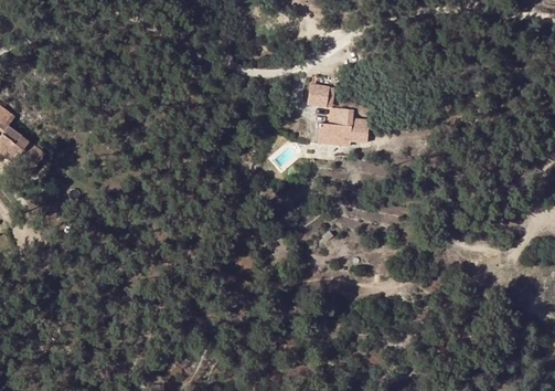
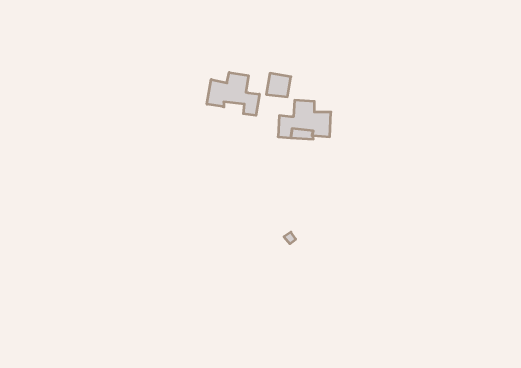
building: none -> [207,72,259,115]

